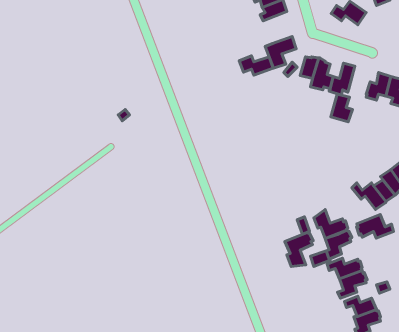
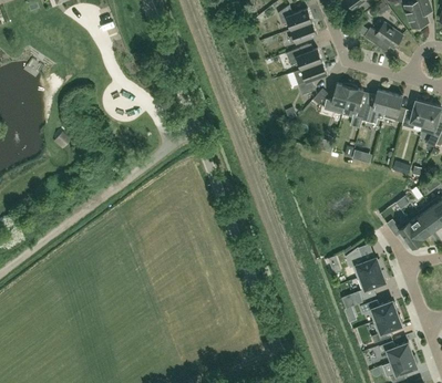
building: [239,56,273,75] -> [286,49,322,70]
building: [331,94,352,122] -> [383,94,407,124]
building: [357,214,393,238] -> none
building: [285,232,313,266] -> none

